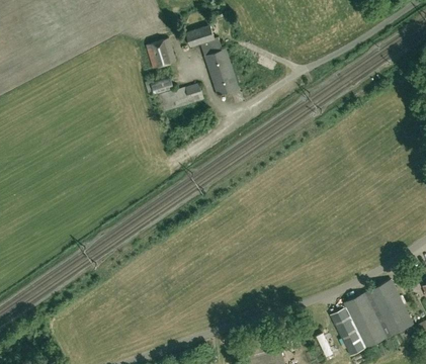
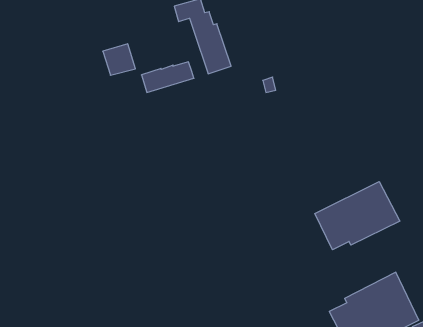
building: [146,38,176,68] -> [103,44,135,75]
building: none -> [315,182,400,250]

